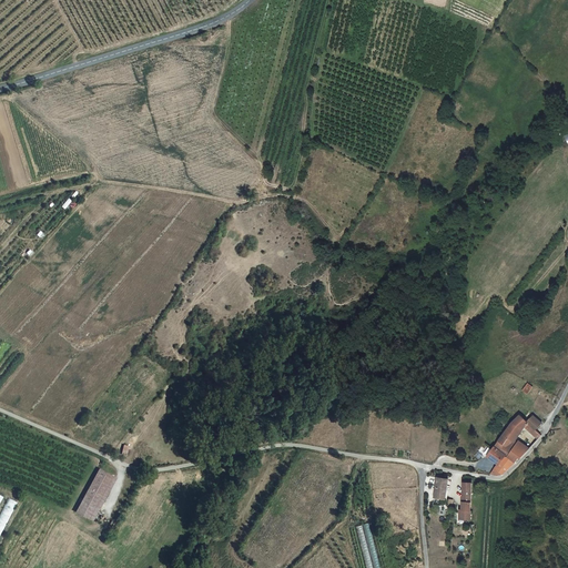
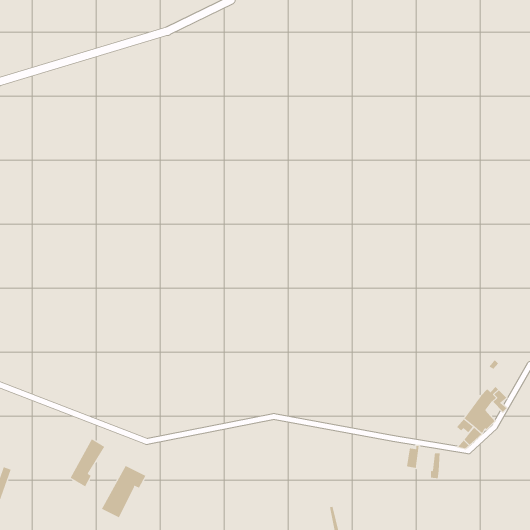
building: none -> [101,465,146,518]

